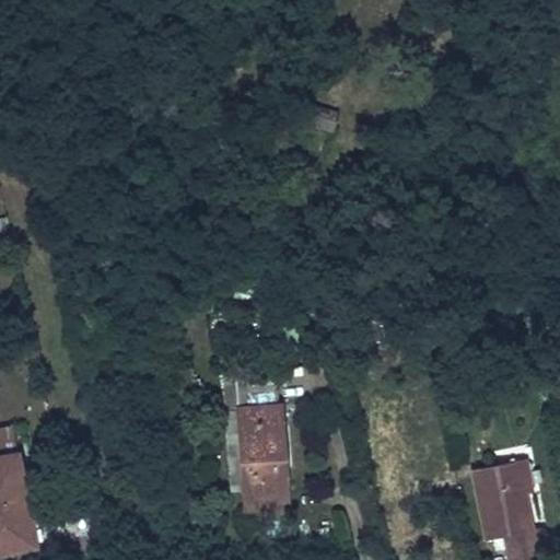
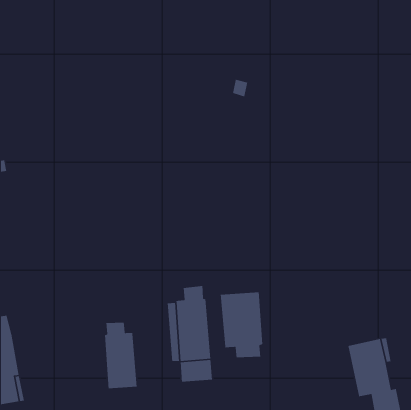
building: none -> [220,291,263,358]
building: none -> [104,322,137,389]

